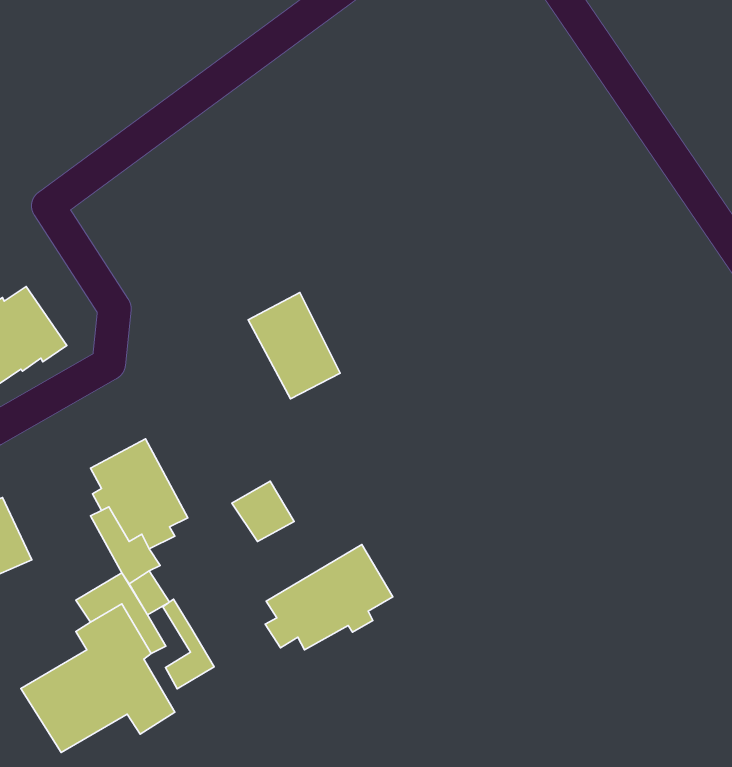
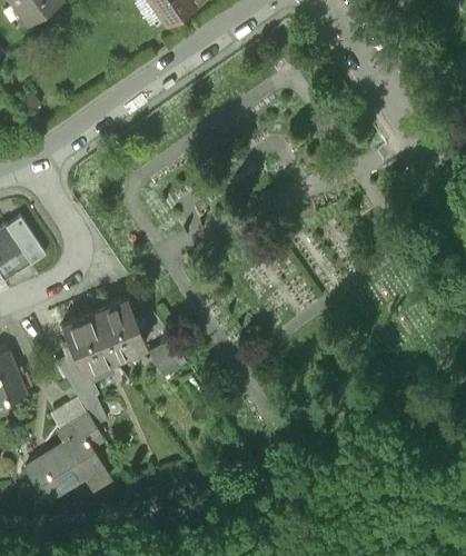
building: [248,292,340,399] -> [93,297,149,361]
building: [265,545,393,650] -> none
building: [163,599,214,689] -> none

